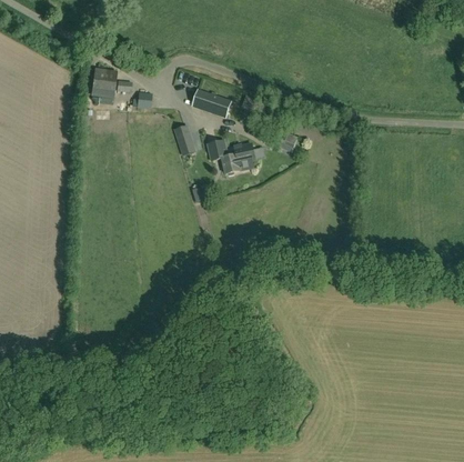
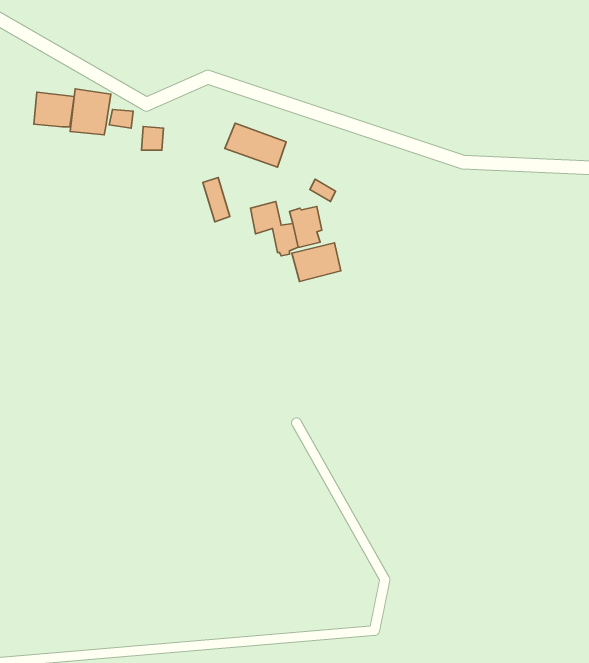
building: none -> [34,92,74,127]
building: none -> [292,243,341,281]

